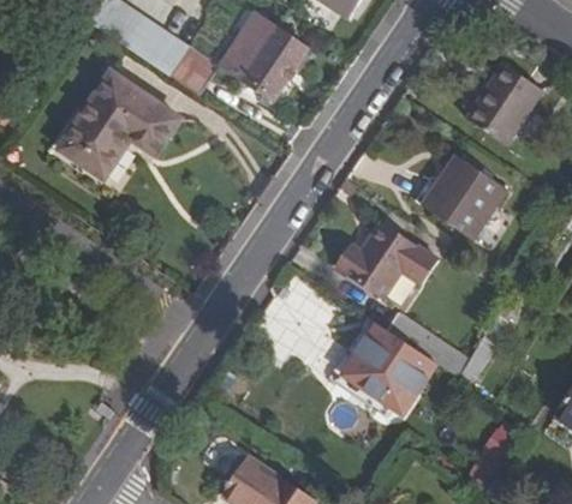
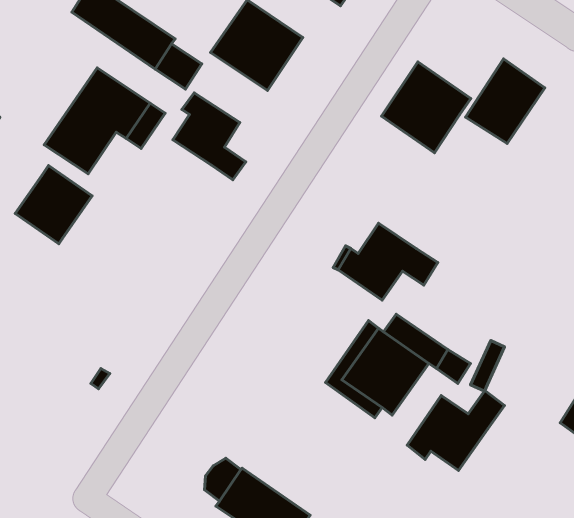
building: none -> [173,93,246,180]
building: [422,154,507,240] -> [381,62,471,153]
building: none -> [15,166,92,244]
building: none -> [407,391,504,470]

